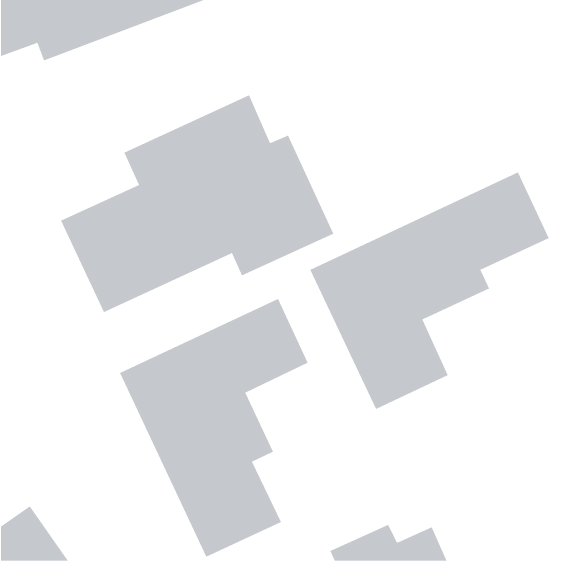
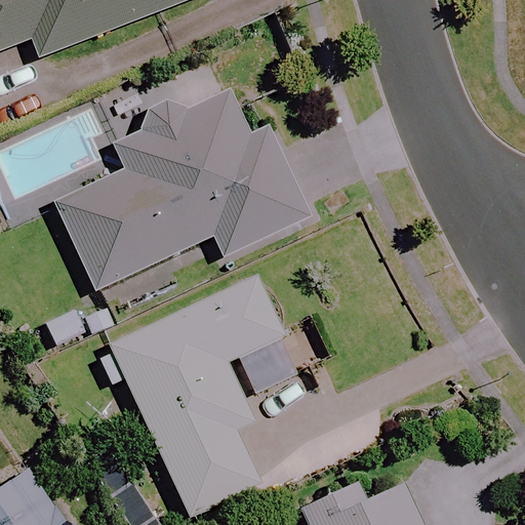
building: [310,172,549,410] -> none

